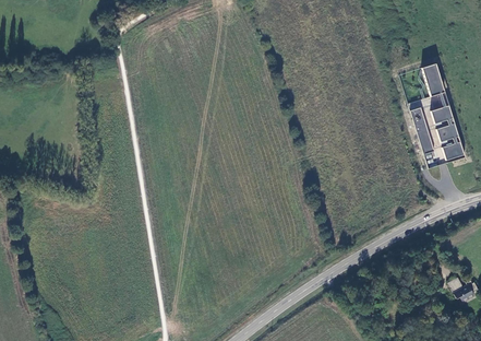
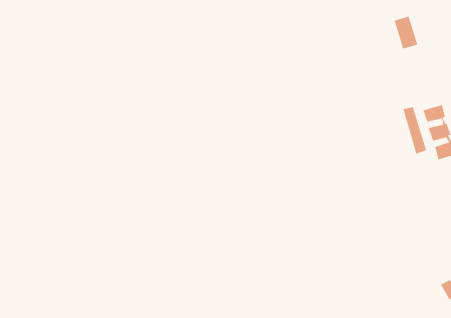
building: [422,66,446,98] -> [394,16,418,49]

